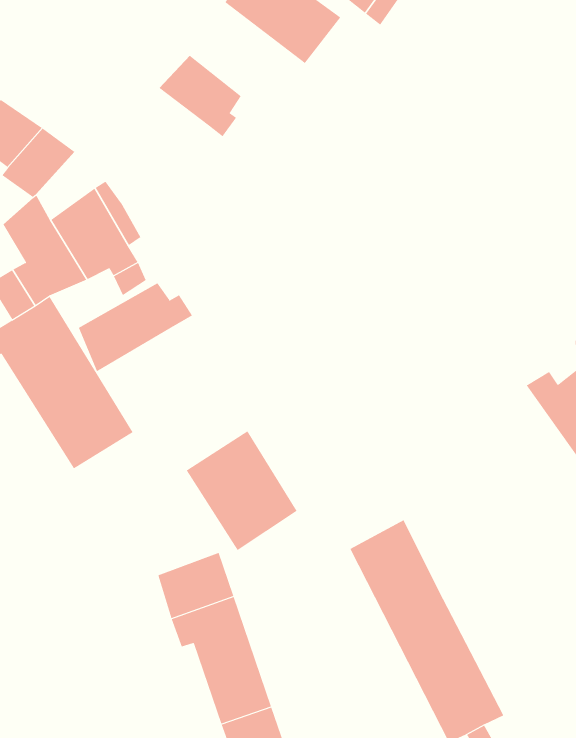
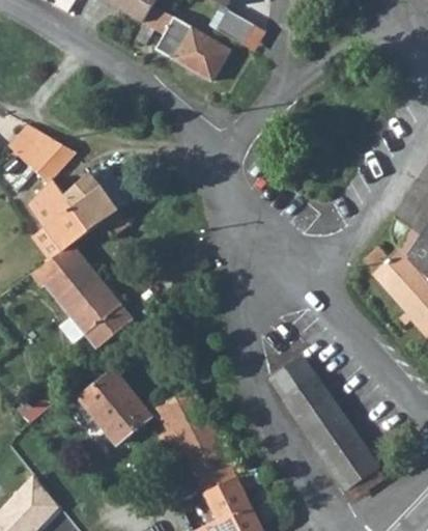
building: [158,55,242,137] -> none
building: [78,283,193,372] -> none
building: [186,431,298,551] -> [79,369,150,444]

